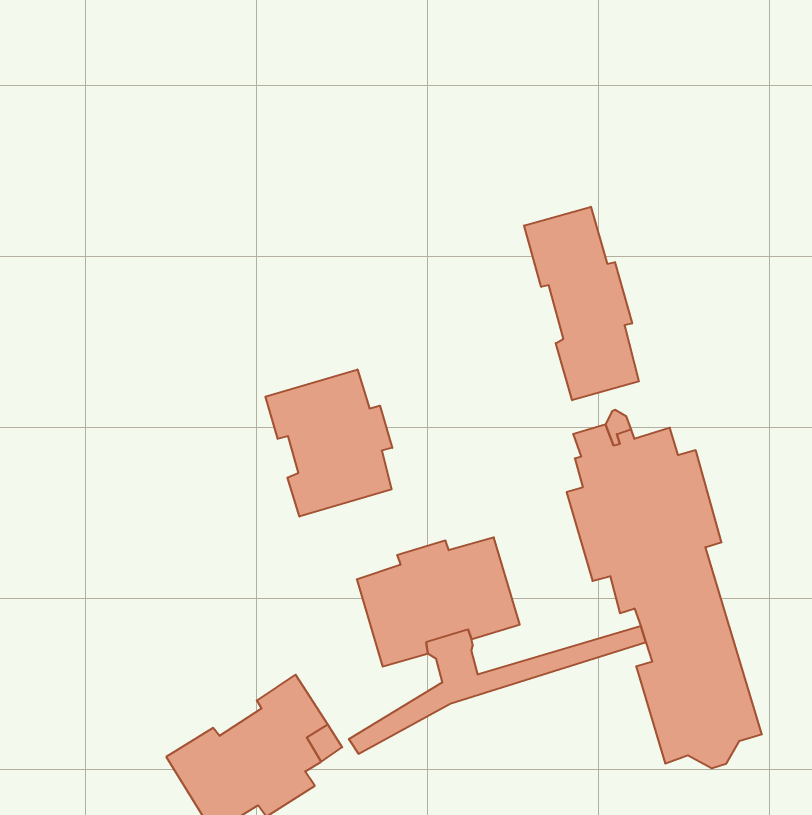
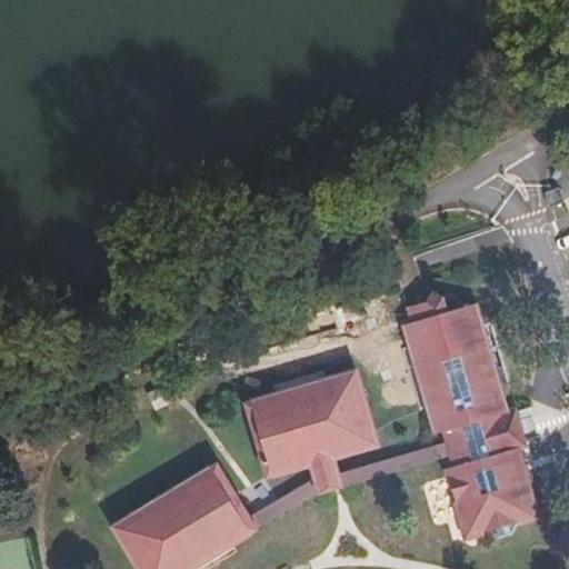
building: [524,207,639,400] -> none
building: [265,369,392,517] -> none

